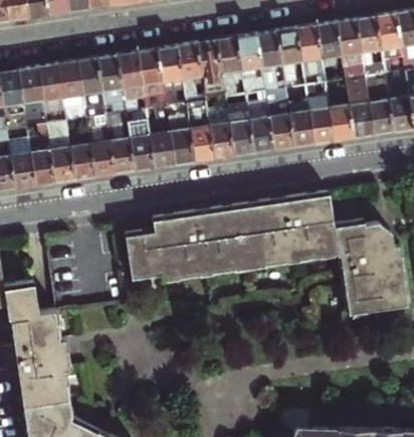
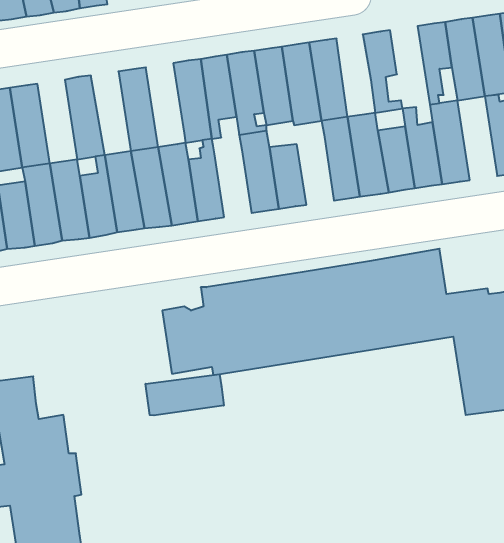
building: [295,26,325,85] -> none
building: [256,32,281,93] -> none
building: [117,53,145,115] -> none
building: [76,59,106,121] -> none
building: [37,65,66,127] -> none
building: [345,78,374,139] -> none
building: [226,106,254,157] -> none
building: [167,117,194,166] -> none
building: none -> [146,374,224,415]

